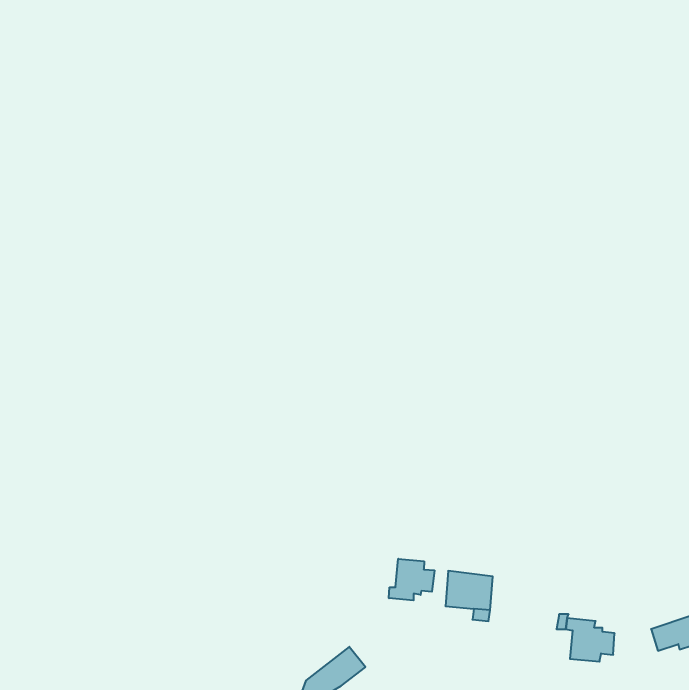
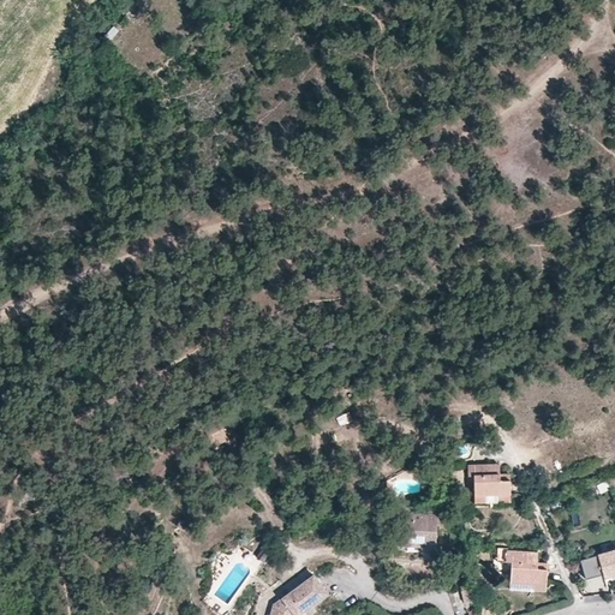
building: none -> [466,466,509,502]
building: [389,559,434,600] -> none

